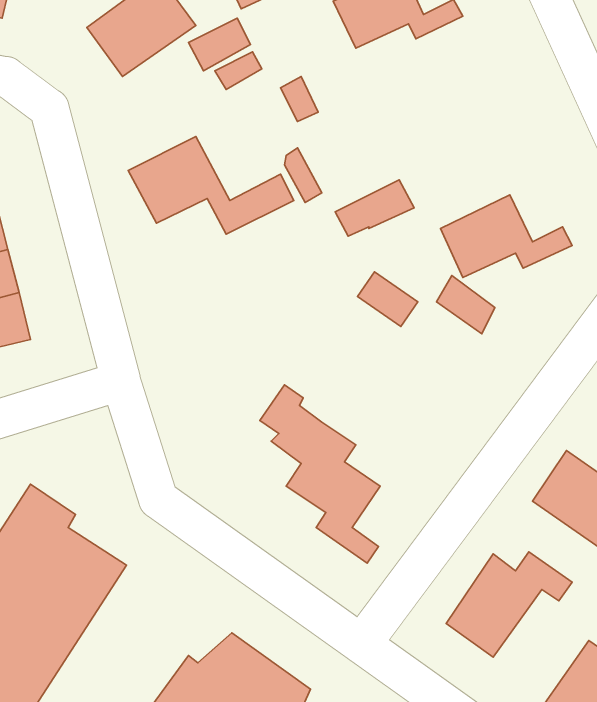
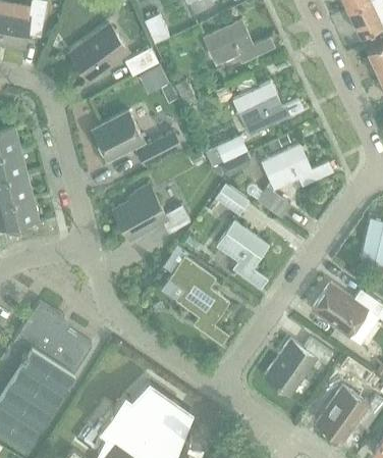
building: none -> [232,84,302,136]
building: none -> [113,187,190,242]
building: none -> [218,222,268,288]

